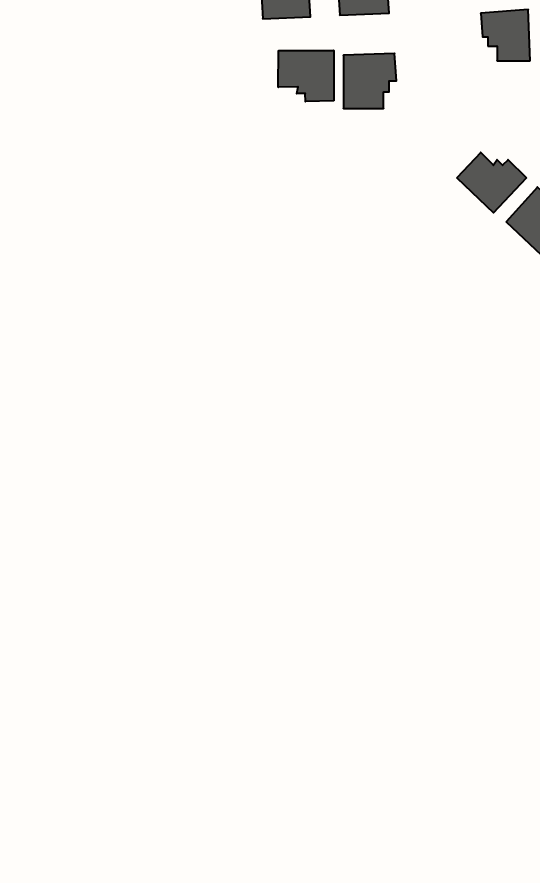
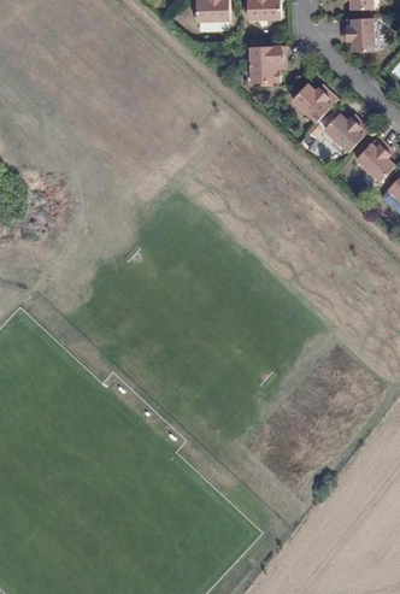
building: [278,50,334,102] -> none
building: none -> [293,82,337,120]

